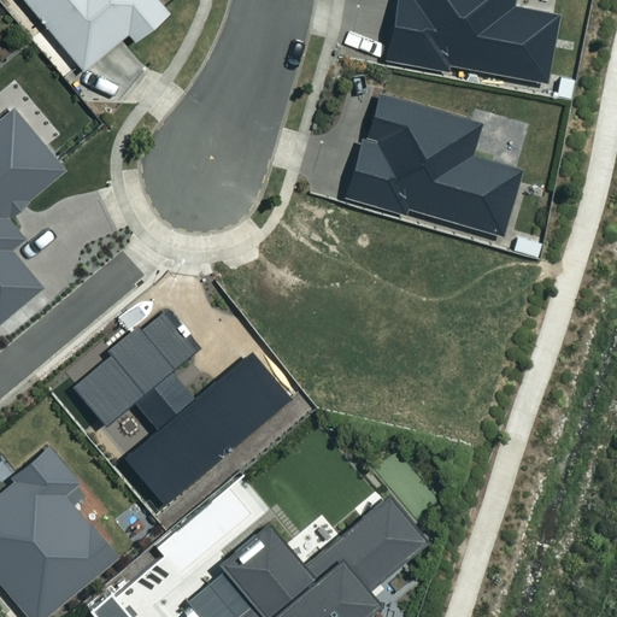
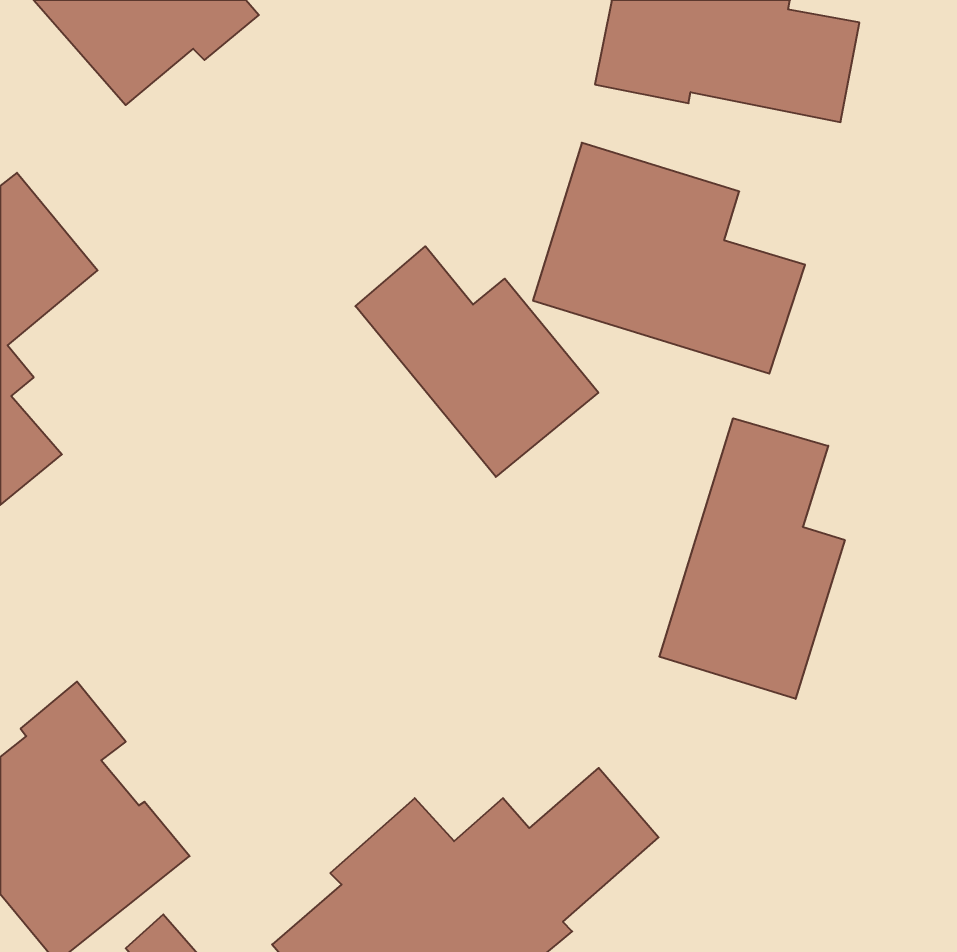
building: none -> [355,246,598,477]
building: none -> [659,418,845,699]
building: [76,302,295,499] -> none

